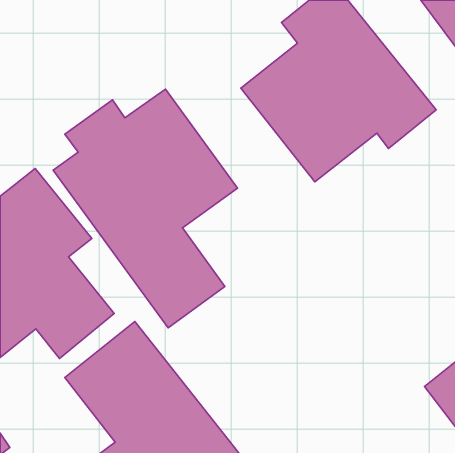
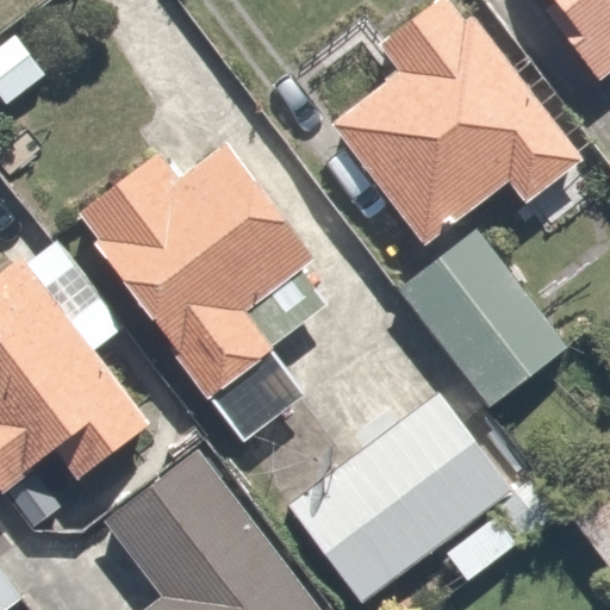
building: none -> [394,232,566,413]
building: none -> [287,393,506,604]

